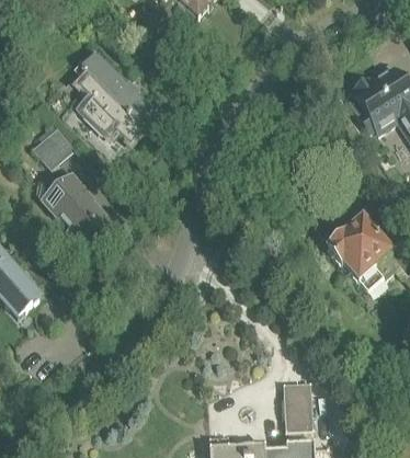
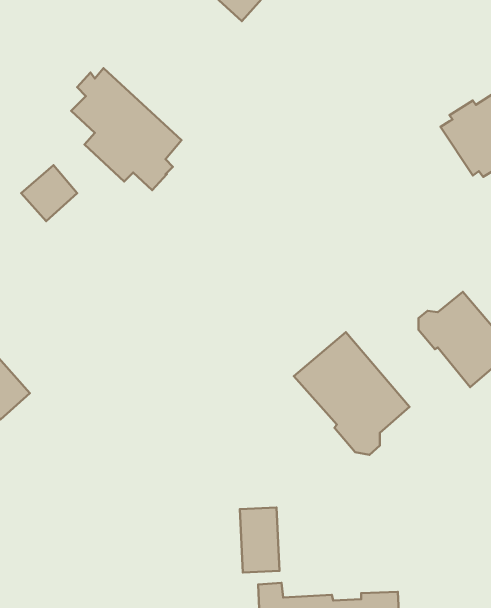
building: [38,170,115,250] -> none
building: none -> [294,332,409,455]
building: [282,380,311,428] -> [240,508,280,572]

